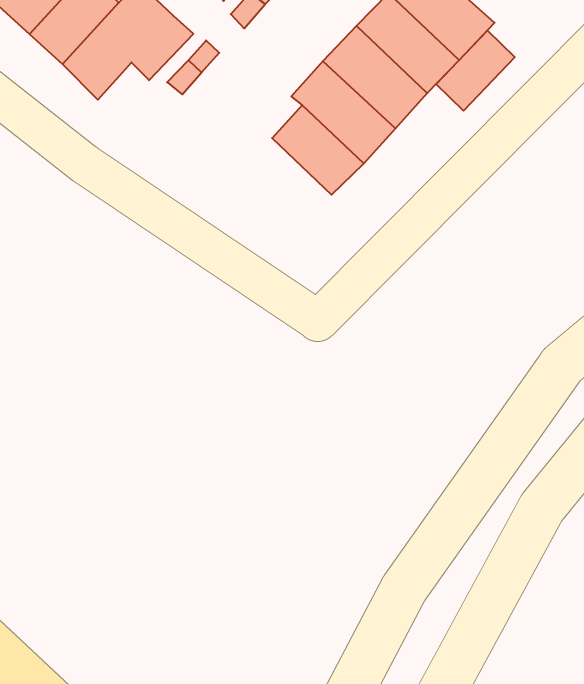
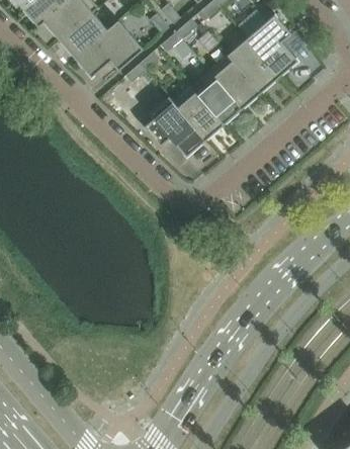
building: [436,31,515,111] -> none
building: none -> [145,96,206,157]

